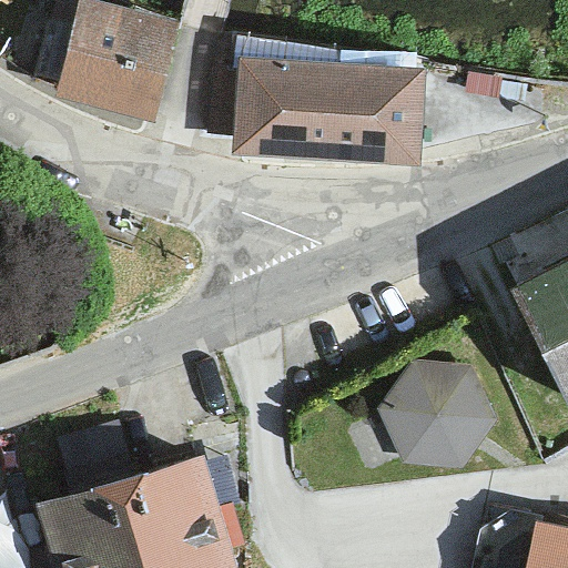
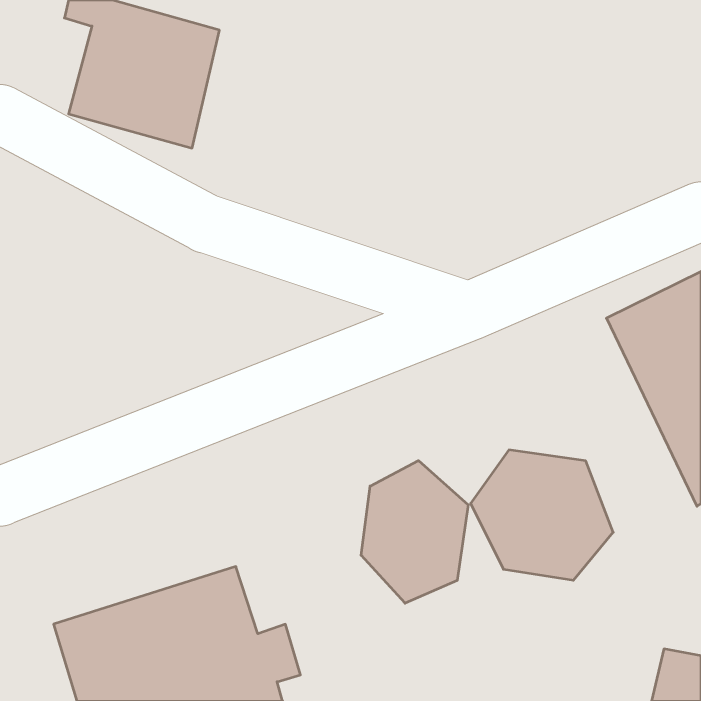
building: [213,33,420,153] -> none
building: none -> [361,461,468,603]

